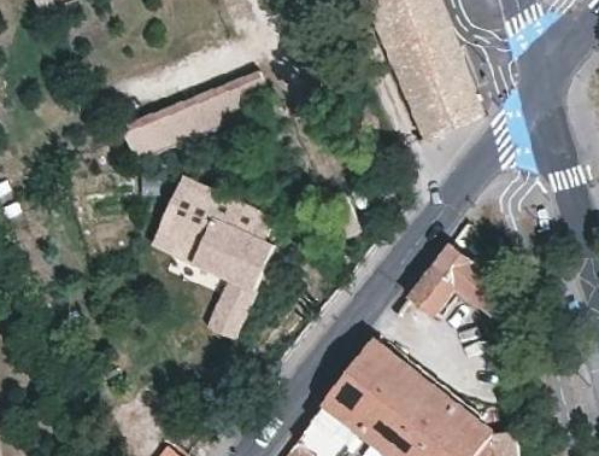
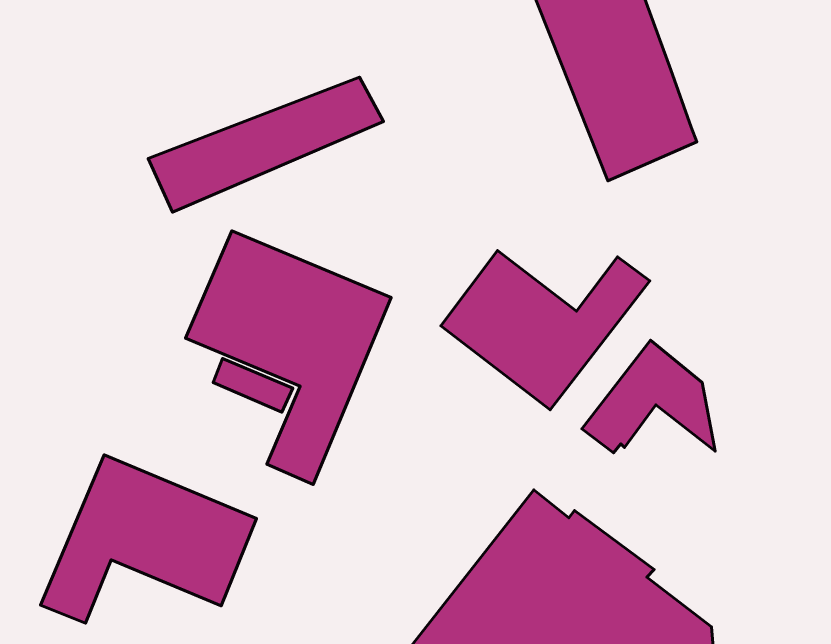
building: none -> [441,251,650,410]
building: none -> [41,455,257,623]

